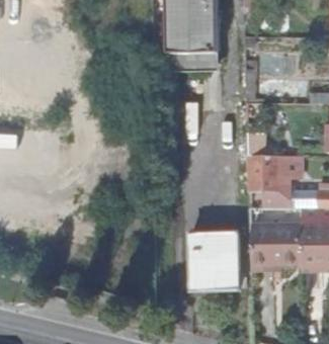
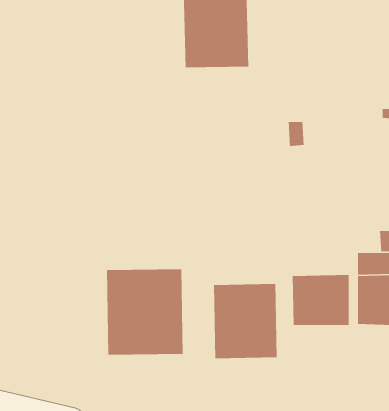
building: [248,156,301,208] -> none
building: none -> [106,268,184,356]

